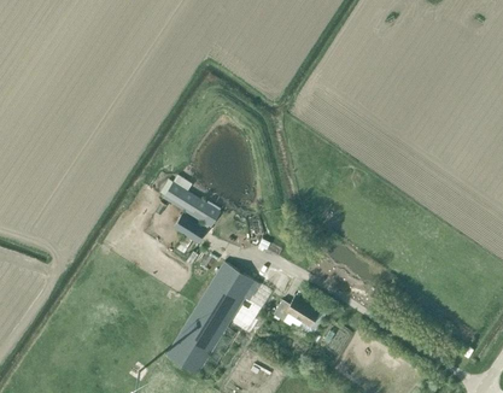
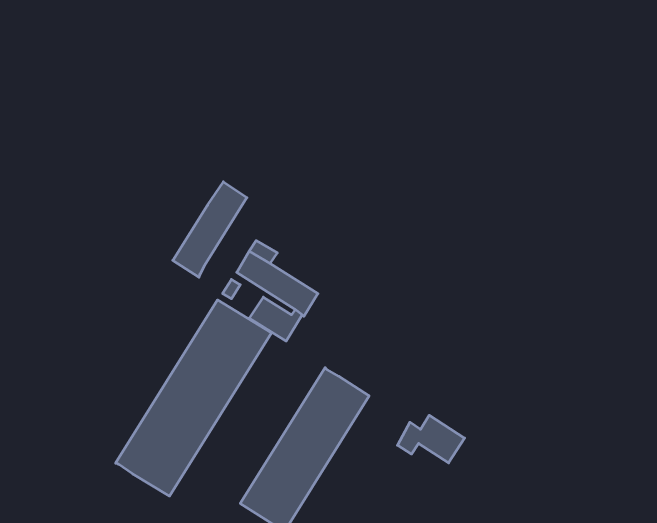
building: none -> [173,182,247,277]
building: none -> [116,300,271,496]

